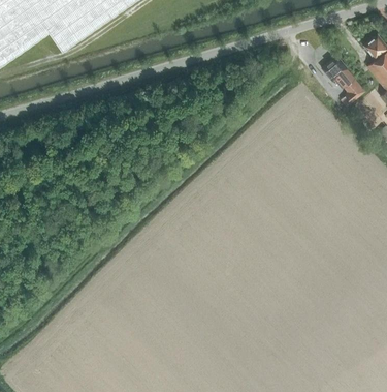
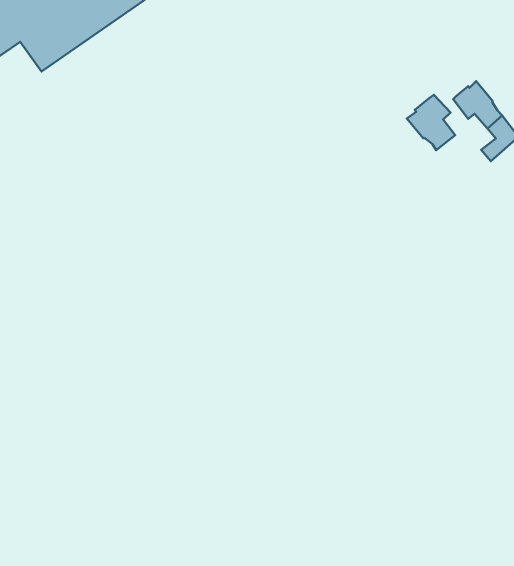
building: none -> [407,95,455,150]

